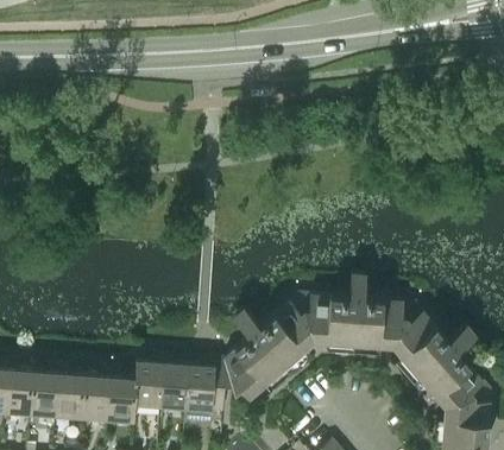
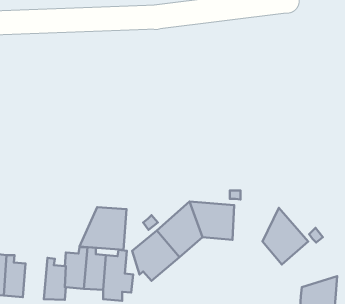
building: [353,297,414,344] -> none
building: none -> [80,207,127,250]
building: [417,344,490,404] -> none
building: [80,365,112,419] -> none

